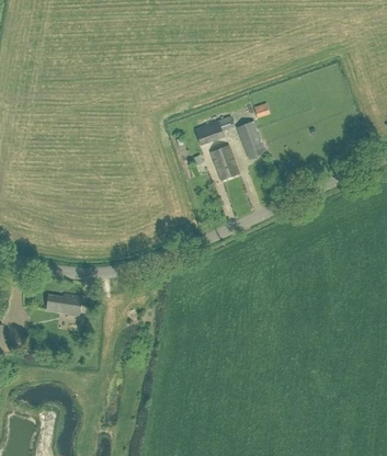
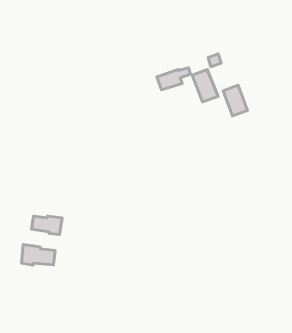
building: [209,145,238,181] -> [223,85,247,116]
building: none -> [22,245,55,265]

